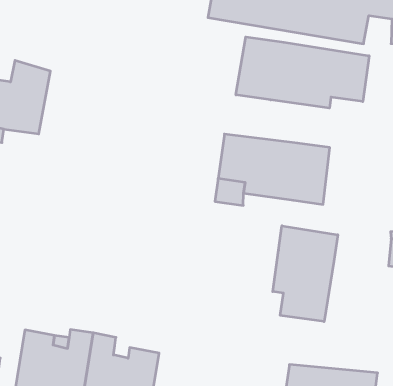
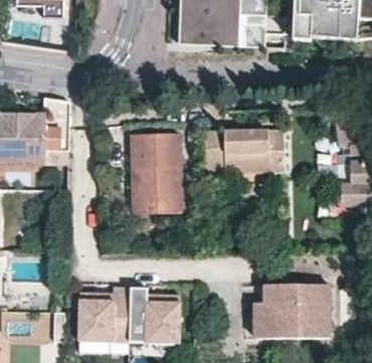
building: [236,37,369,108] -> none
building: none -> [132,133,180,210]
building: [273,226,338,322] -> none

